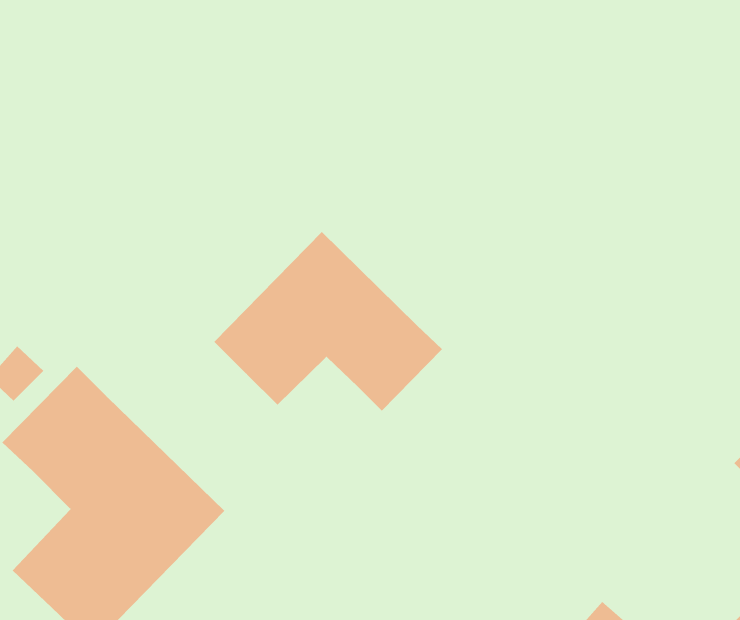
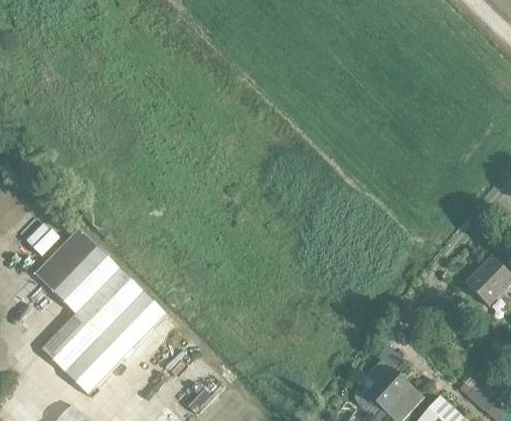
building: [214,231,443,412] -> none

